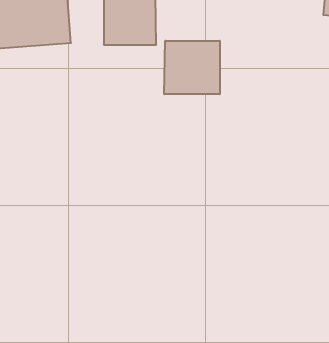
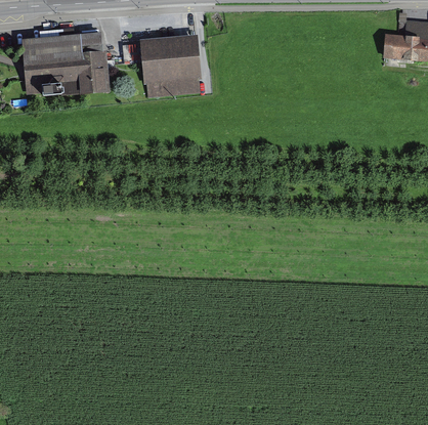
building: [164,41,220,94] -> none

